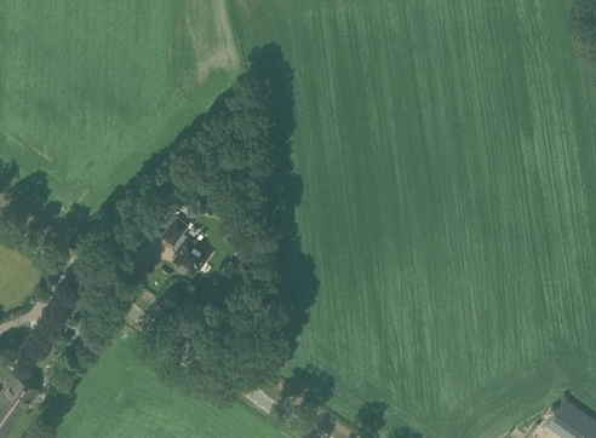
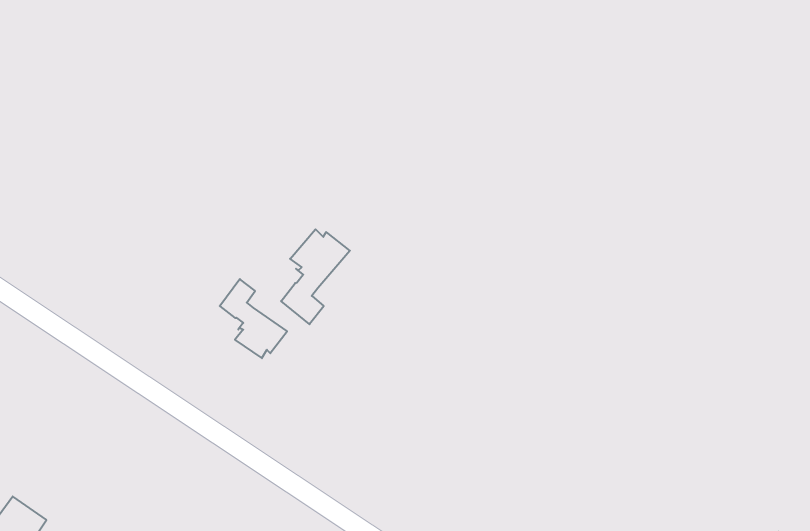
building: none -> [281,229,350,324]

